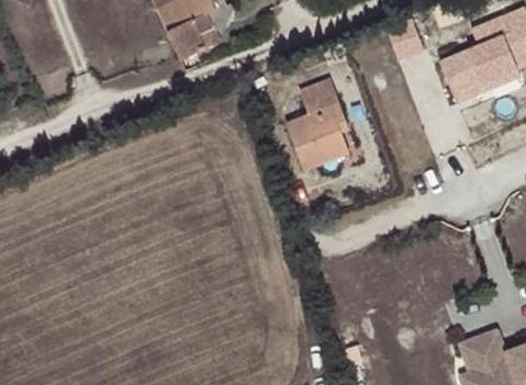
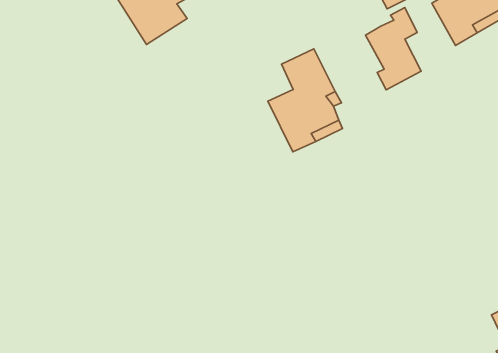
building: none -> [365,8,421,90]

